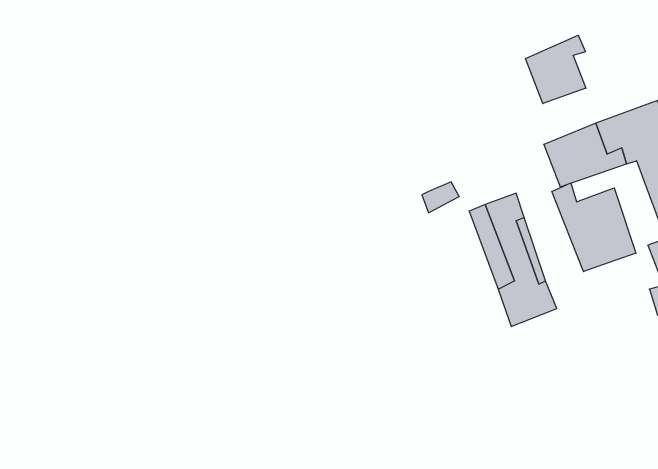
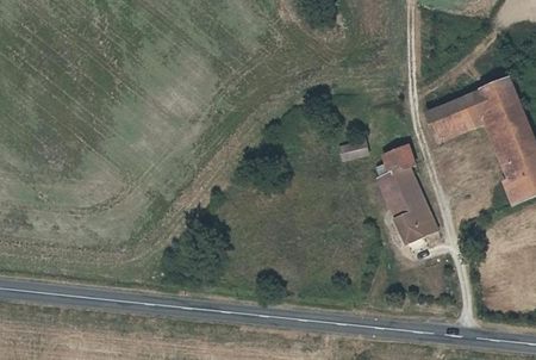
building: [526,35,586,104] -> none
building: [552,183,636,272] -> none

